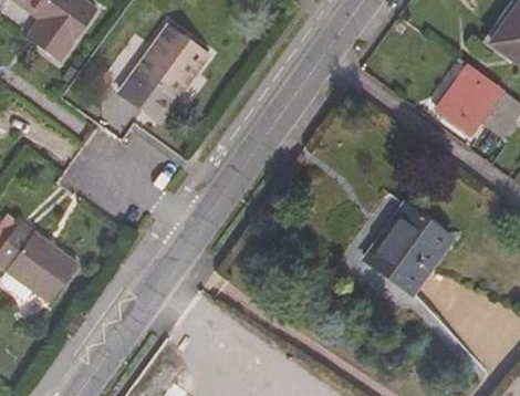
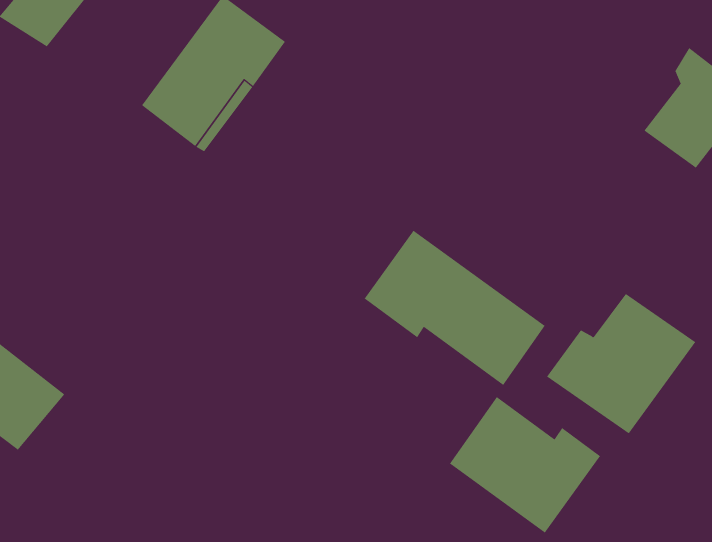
building: none -> [364,230,545,386]
building: none -> [449,396,601,533]

